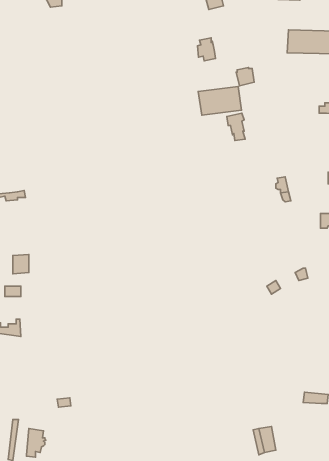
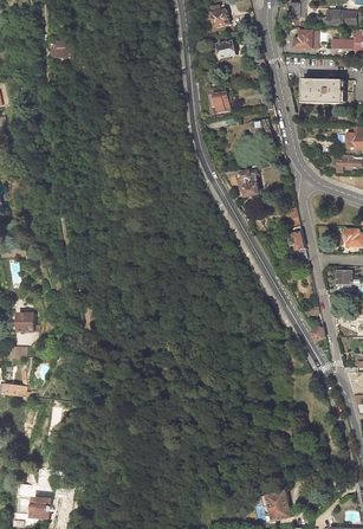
building: [198,87,242,115] -> none

